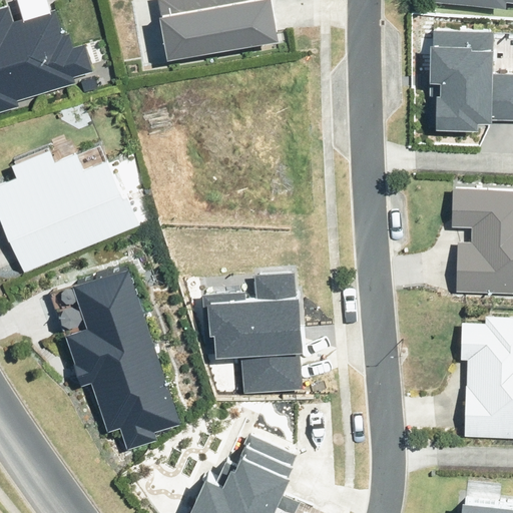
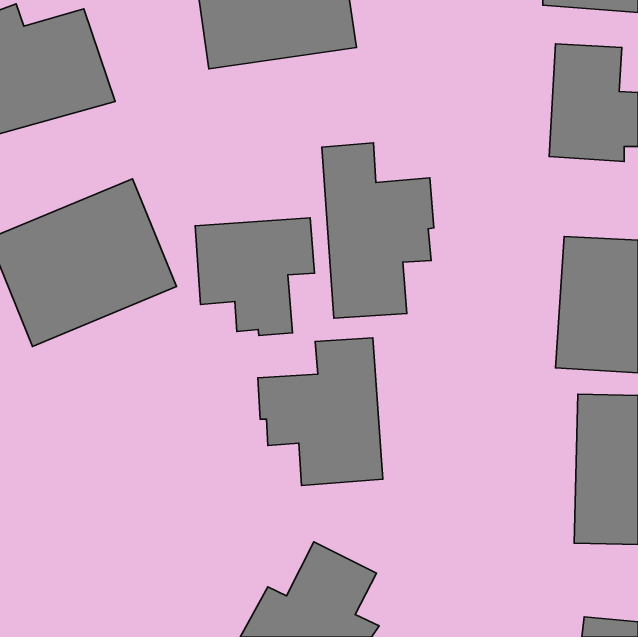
building: none -> [322,143,434,318]
building: none -> [195,218,314,336]
building: [74,267,173,449] -> none

